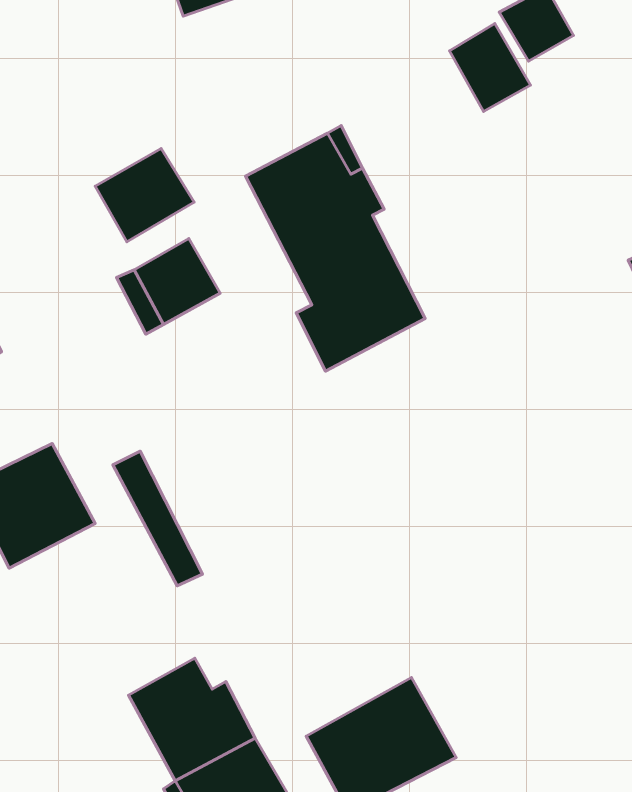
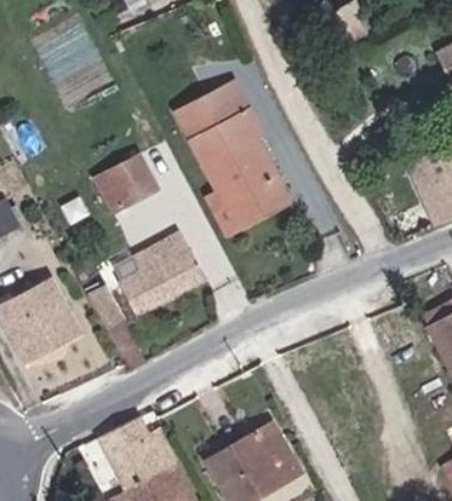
building: [449,23,530,112] -> none
building: [95,149,194,242] -> none
building: none -> [118,230,204,313]

